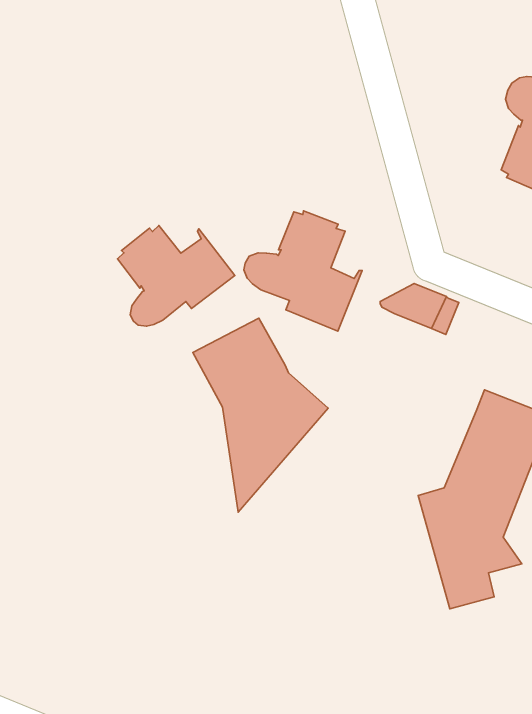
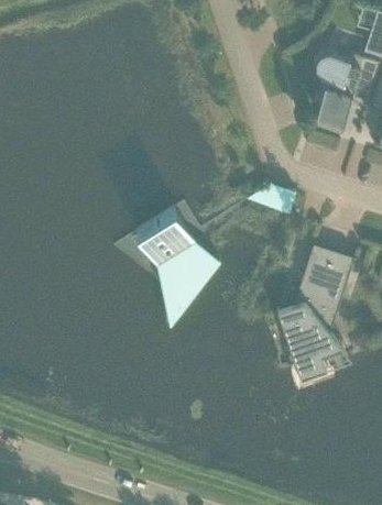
building: [244,211,362,331] -> none
building: [117,225,235,326] -> none

